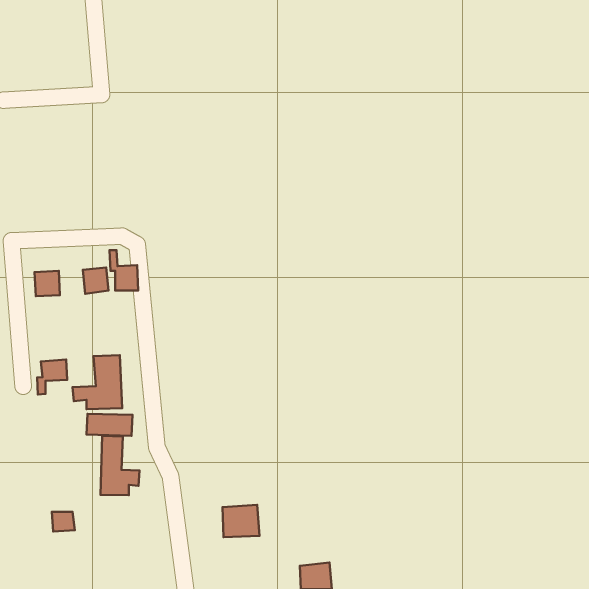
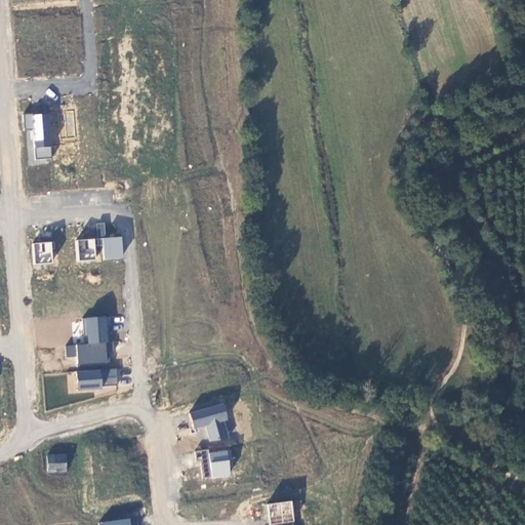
building: none -> [24,112,53,159]
building: [37,359,67,394] -> none
building: [101,436,139,495] -> none
building: none -> [190,405,230,442]

